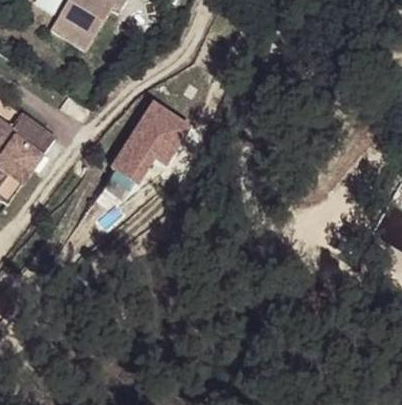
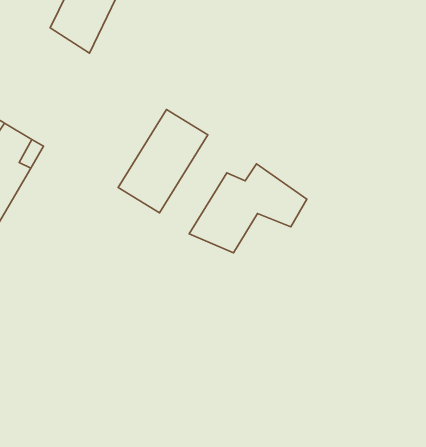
building: none -> [189,164,307,253]

